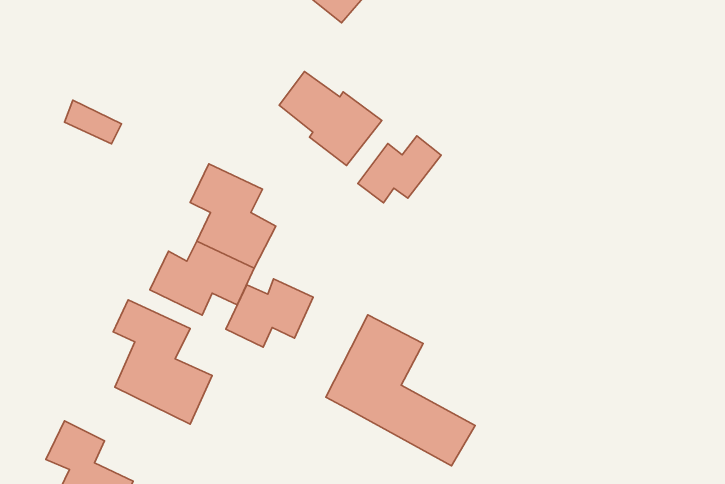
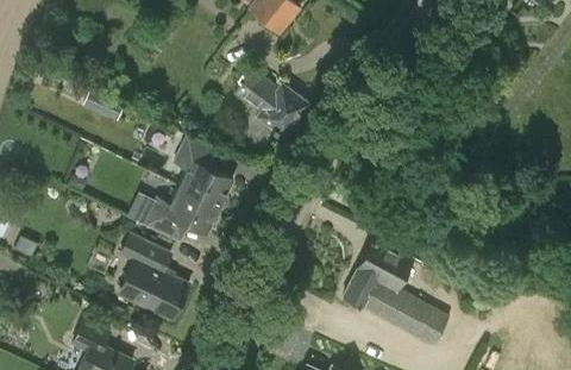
building: [358,136,441,203] -> none
building: [226,279,313,347] -> none
building: [326,315,475,466] -> [344,238,450,345]

